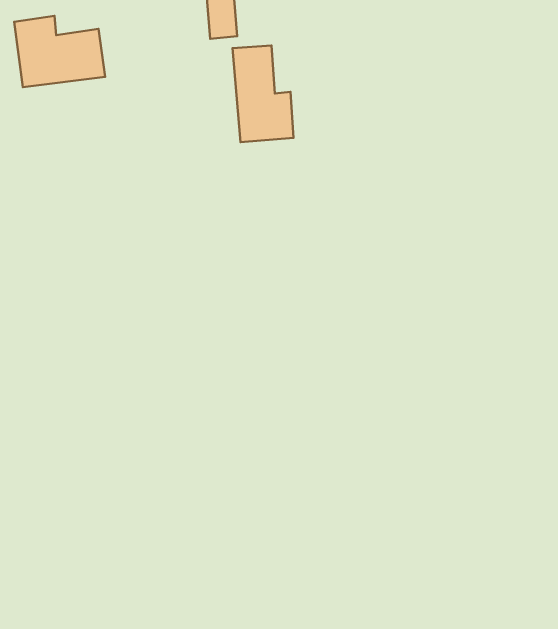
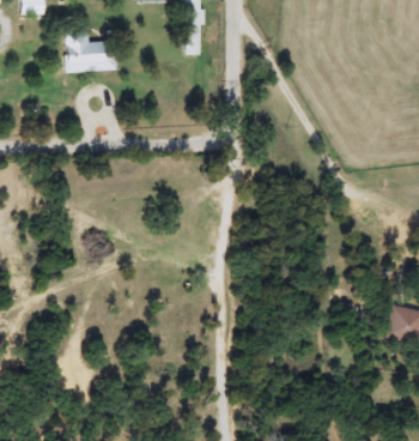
building: [233,46,293,142] -> none

